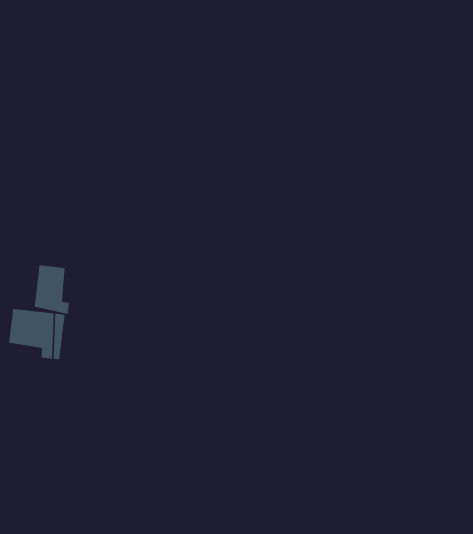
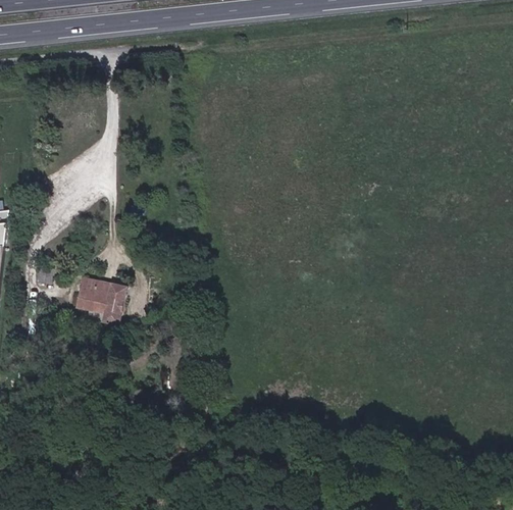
building: [34,265,70,315] -> none

